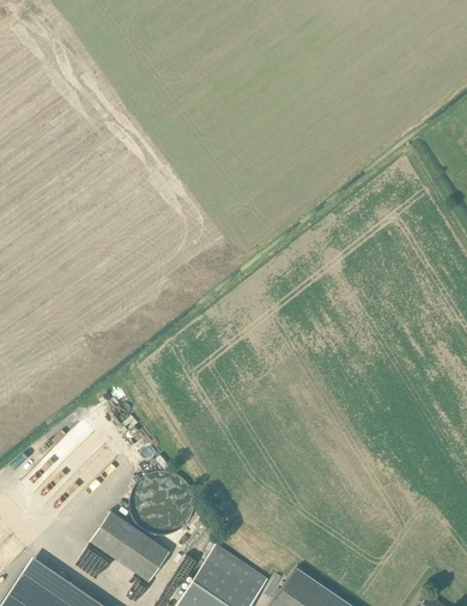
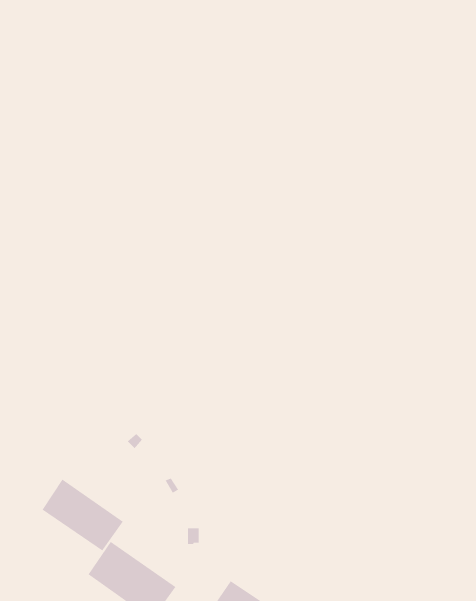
building: none -> [41,478,124,551]

